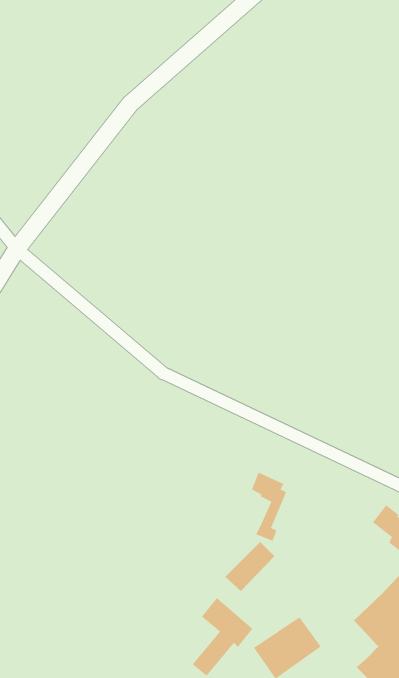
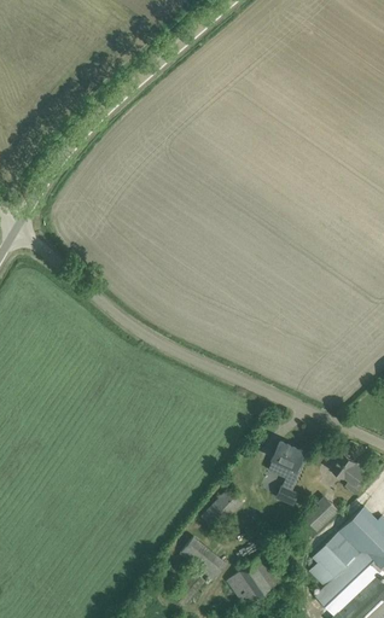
building: [251,472,287,541] -> [273,442,304,503]
building: none -> [302,495,338,531]

